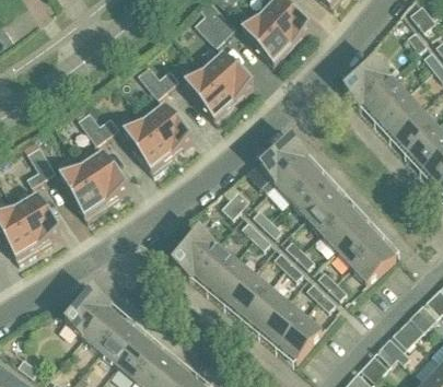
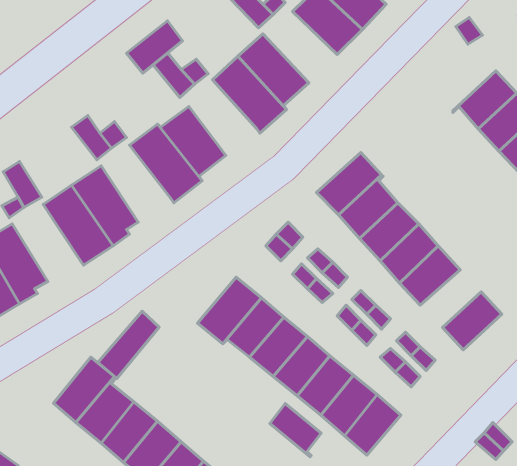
building: none -> [127,21,182,73]
building: [343,59,392,106] -> none
building: [336,223,381,266] -> none
building: none -> [98,311,159,378]
building: none -> [270,404,321,457]

